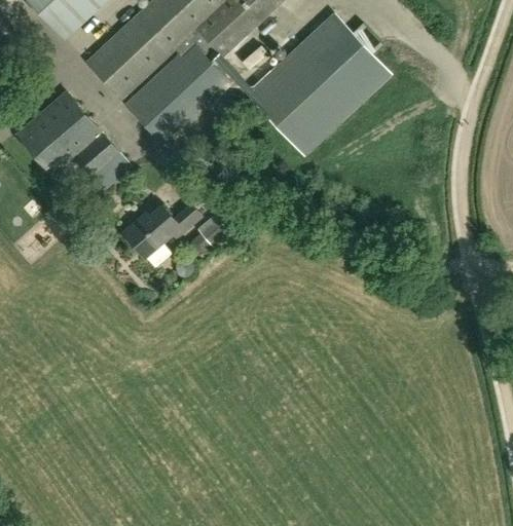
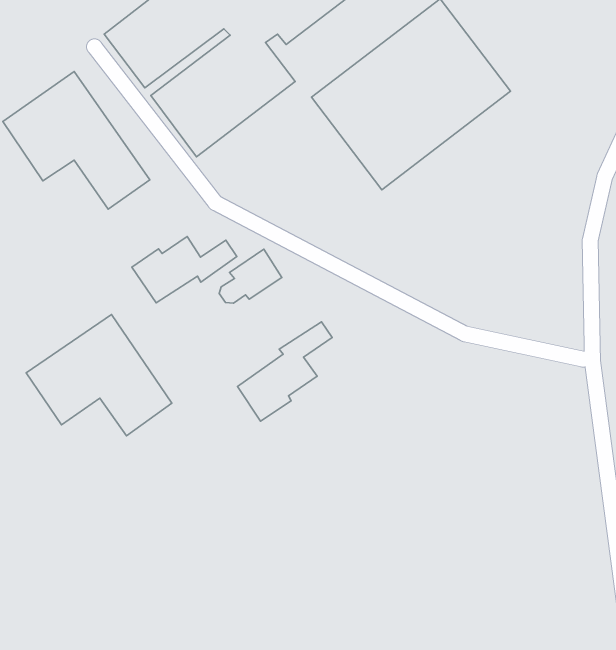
building: none -> [237,322,332,421]
building: none -> [26,314,172,436]

